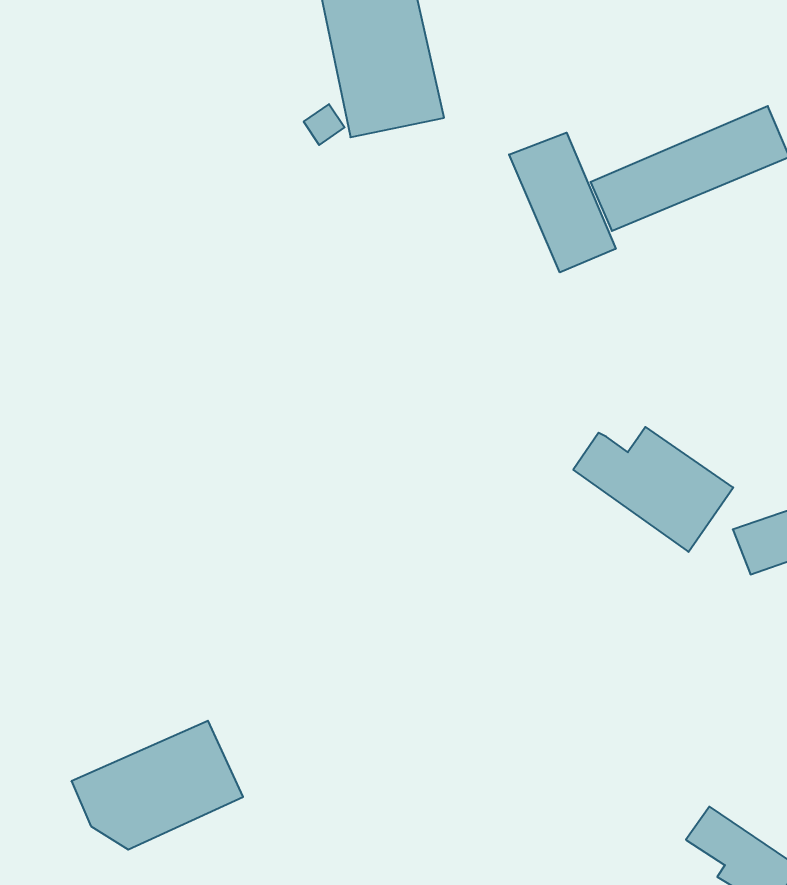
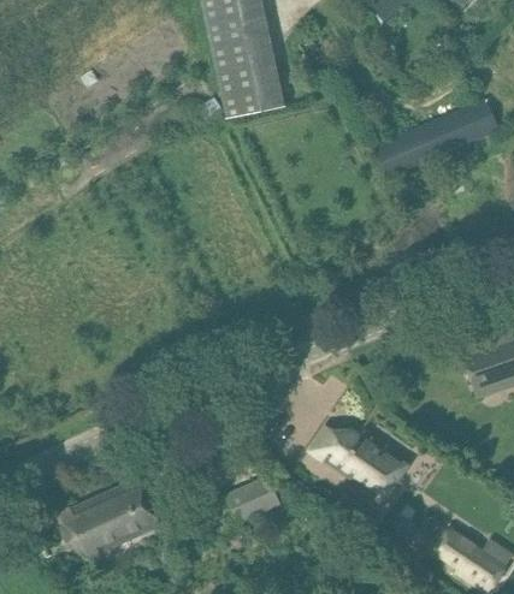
building: [509,133,616,272] -> none
building: [573,427,733,552] -> [309,423,408,500]
building: none -> [225,480,274,522]

